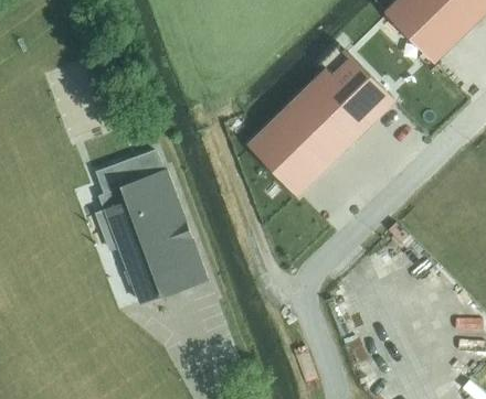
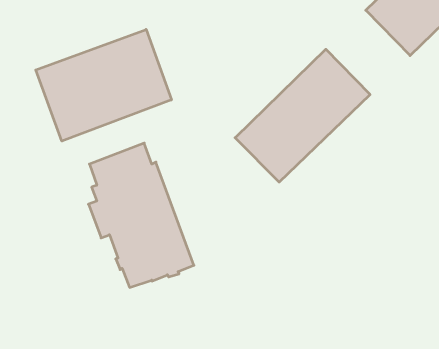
building: none -> [36,29,171,141]

